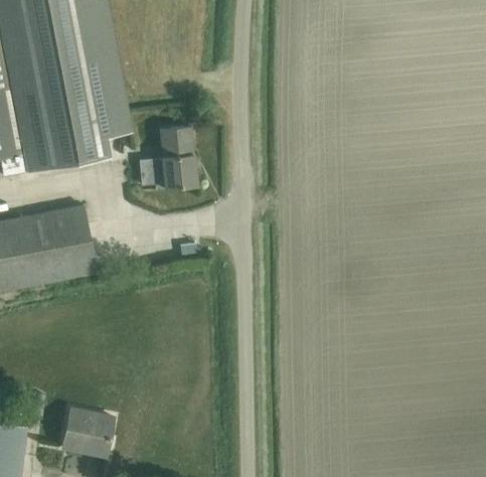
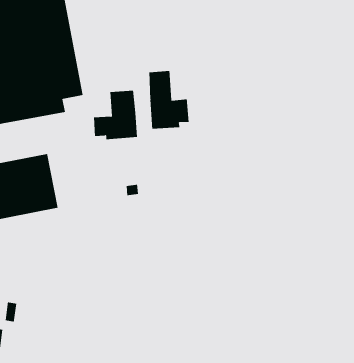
building: none -> [149,70,189,129]
building: [63,408,114,452] -> none

